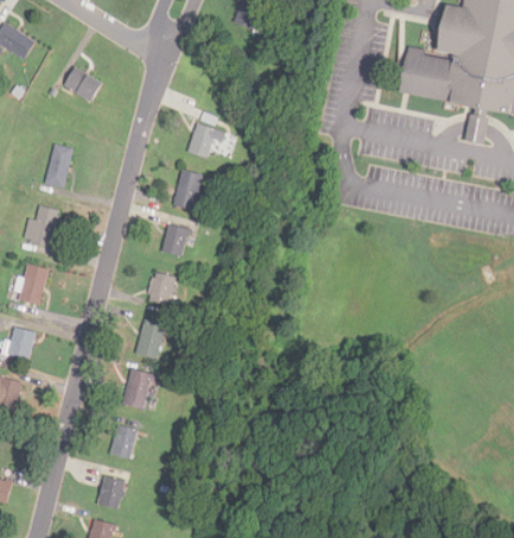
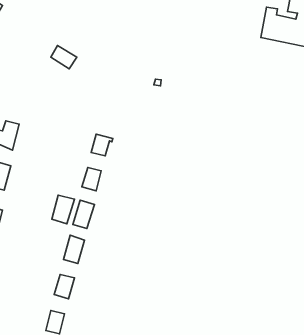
building: [65,67,102,100] -> [51,45,77,69]
building: [188,124,216,158] -> none
building: [44,144,74,188] -> none
building: [173,170,203,210] -> none
building: none -> [52,195,74,224]

